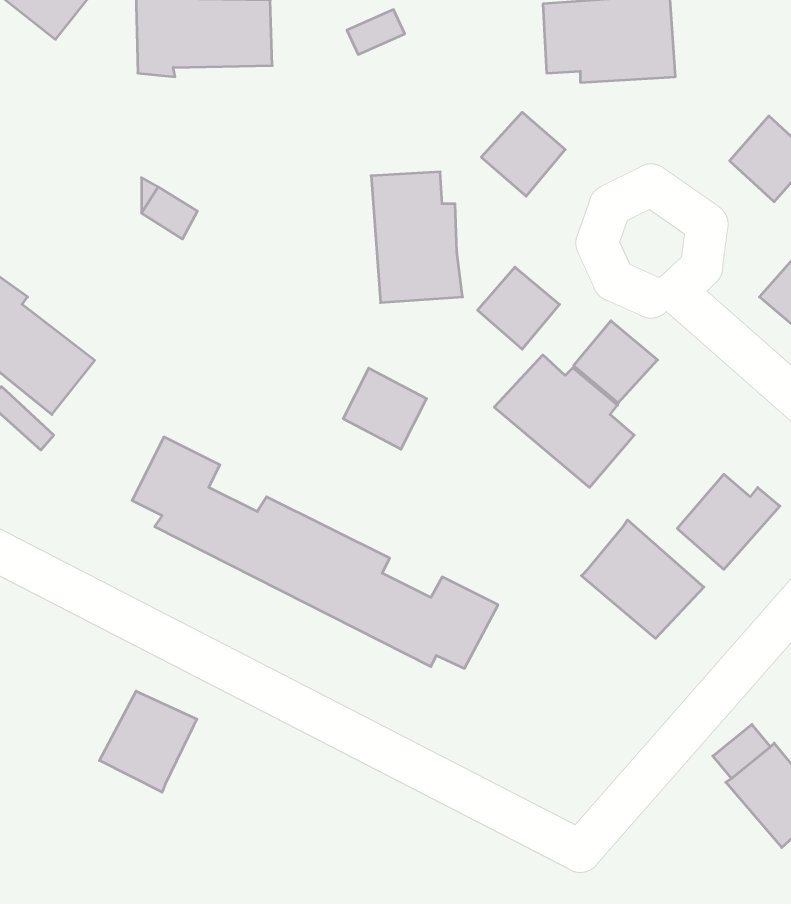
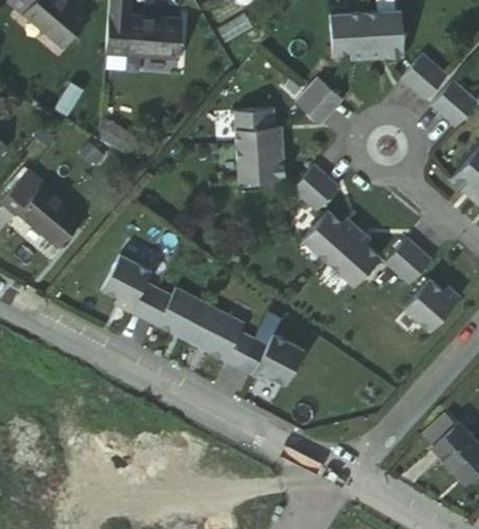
building: none -> [401,51,447,97]
building: [574,321,658,403] -> [385,241,432,286]
building: [343,368,427,449] -> none
building: [581,520,704,638] -> none
building: [99,691,197,792] -> none

